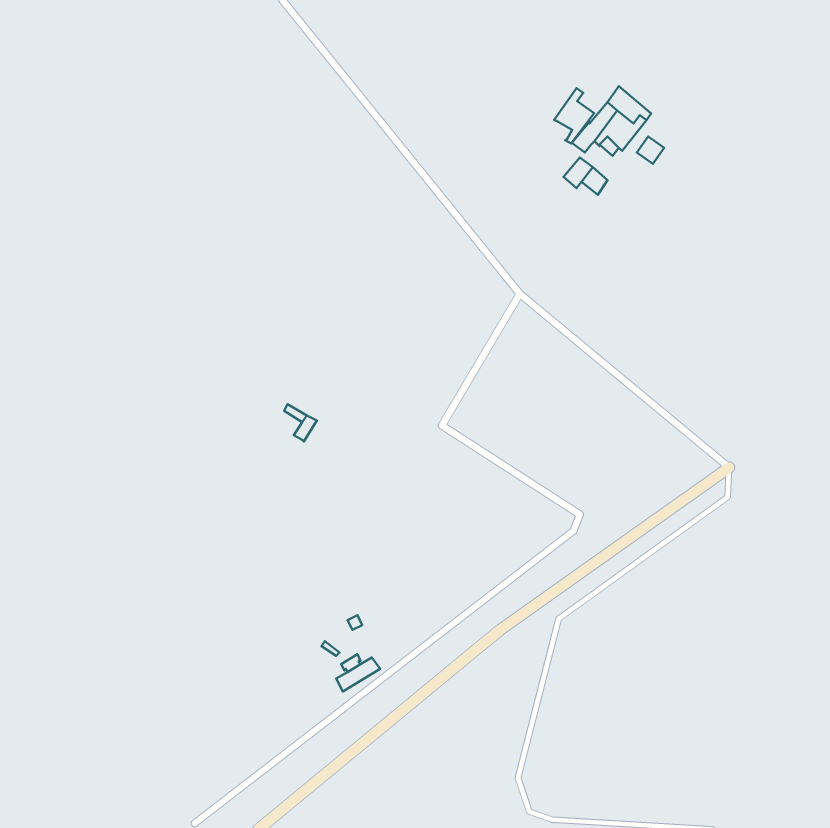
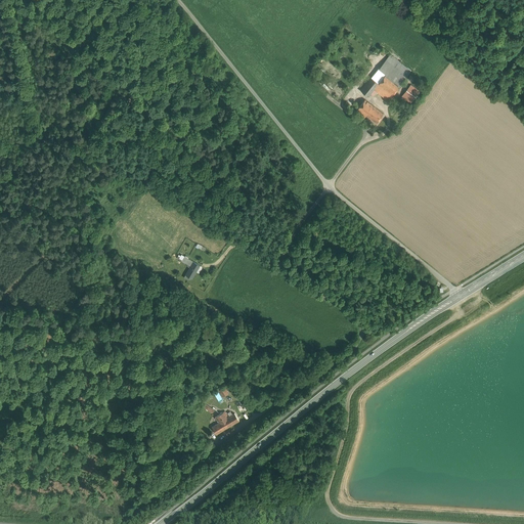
building: [554,88,594,143] -> none

